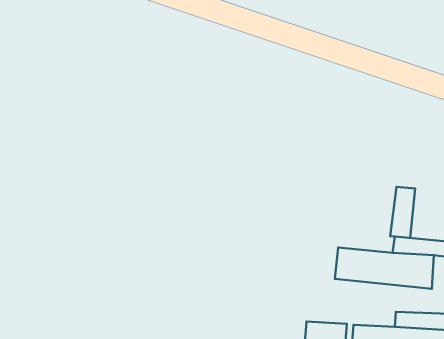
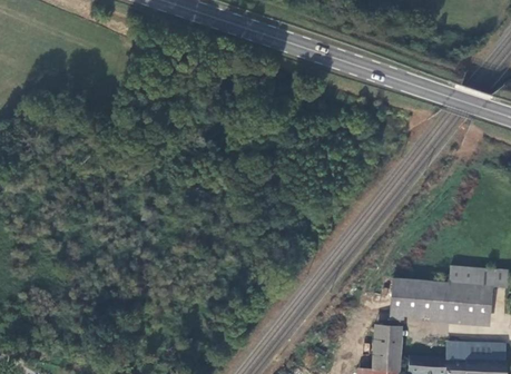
building: [390,187,415,238] -> none
building: none -> [361,322,404,355]

